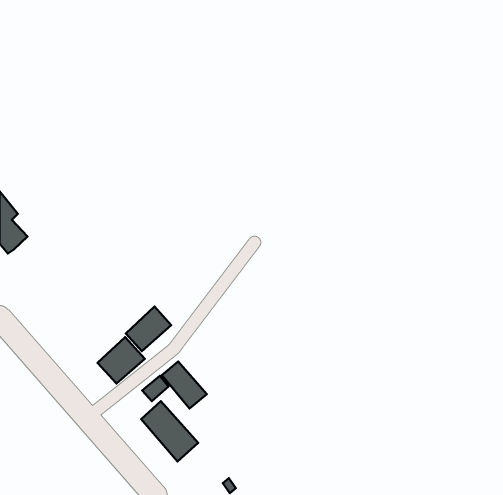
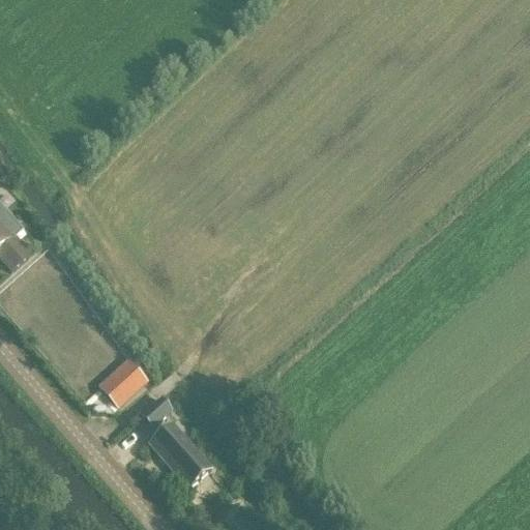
building: [126,307,171,351] -> none
building: [162,362,207,409] -> none

